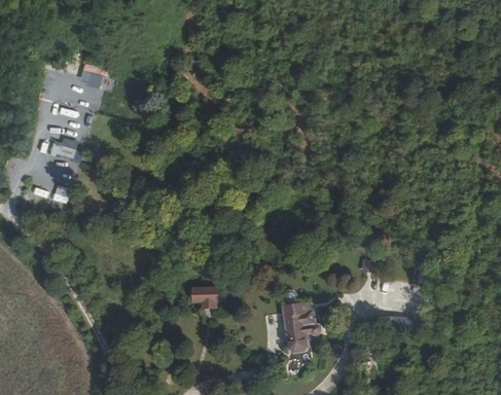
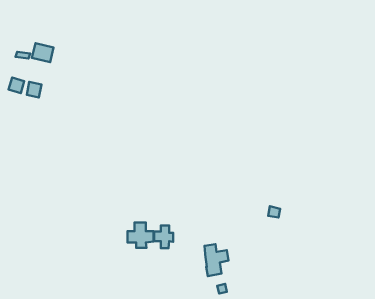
building: [49,140,81,167] -> none
building: none -> [154,225,173,248]

